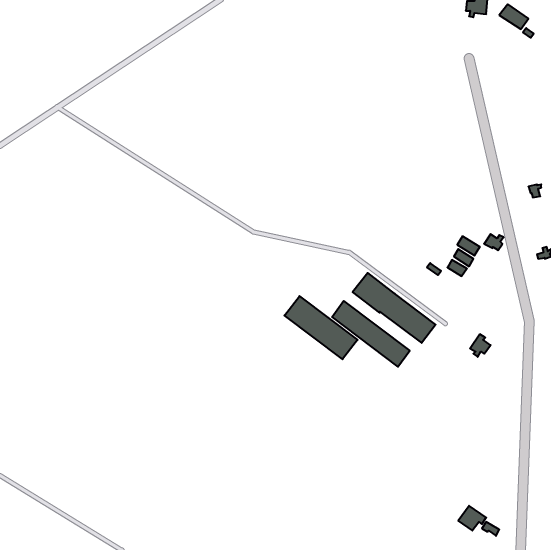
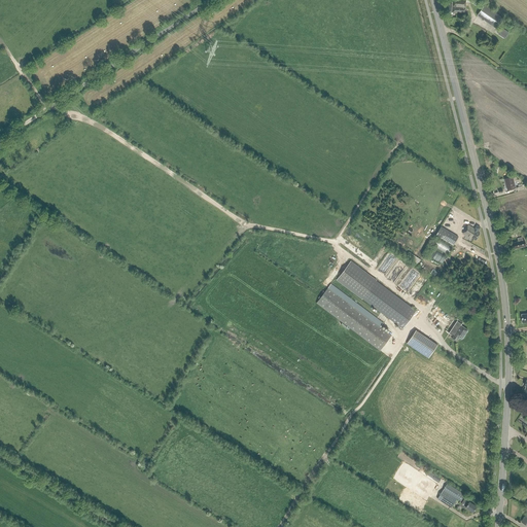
building: [284,296,358,359] -> none
building: none -> [405,328,436,357]

